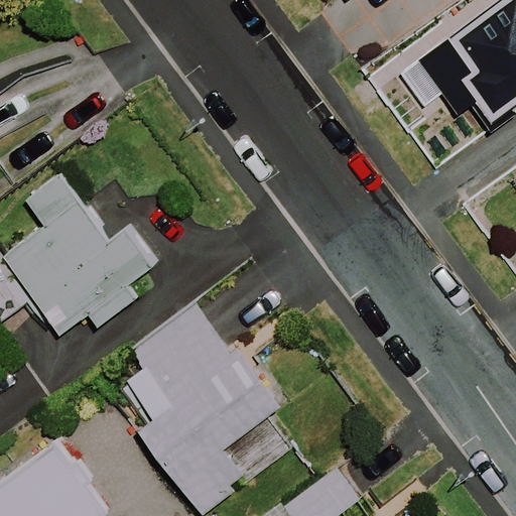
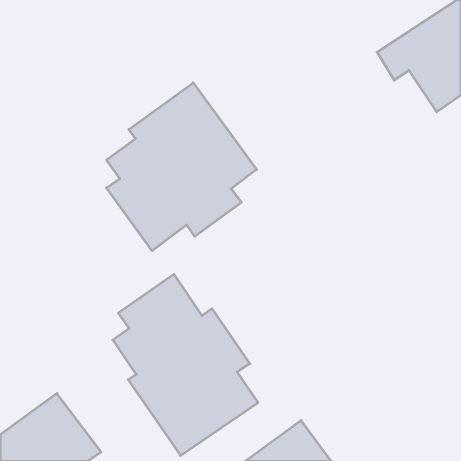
building: none -> [106,83,257,251]
building: [5,175,153,338] -> none

